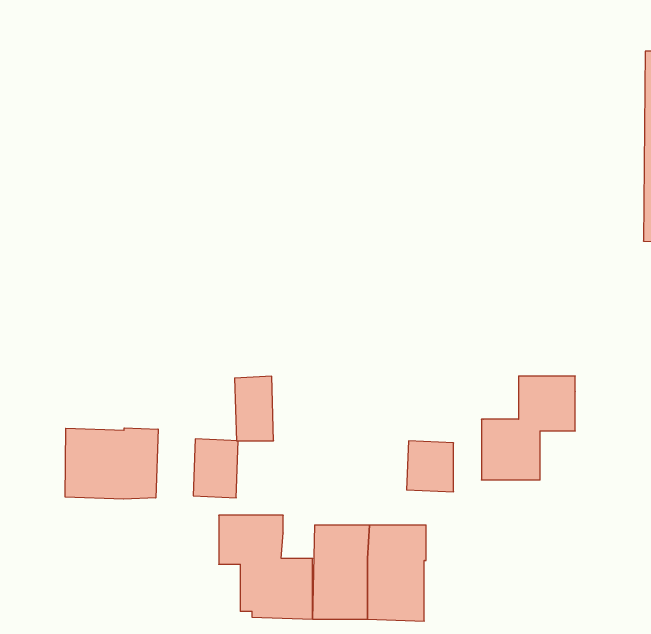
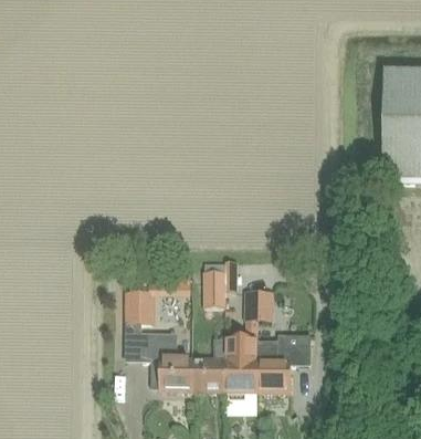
building: [481,376,575,480] -> [256,333,309,391]
building: [235,376,274,441] -> [203,269,225,305]
building: [65,428,158,499] -> none

